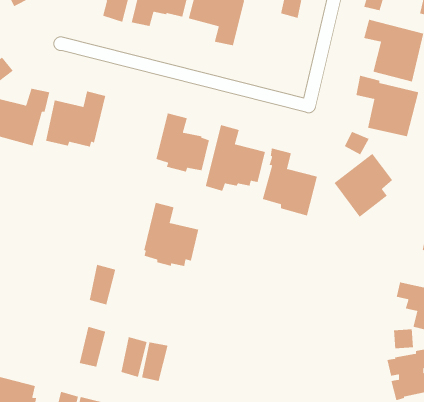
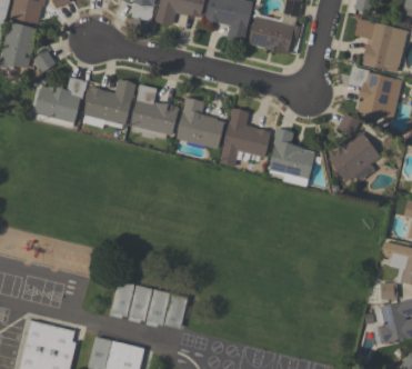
building: none -> [248,13,301,53]
building: [143,202,199,267] -> [130,83,178,139]
building: [89,264,116,306] -> [129,285,152,320]

